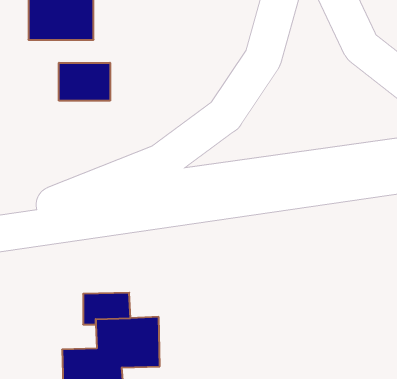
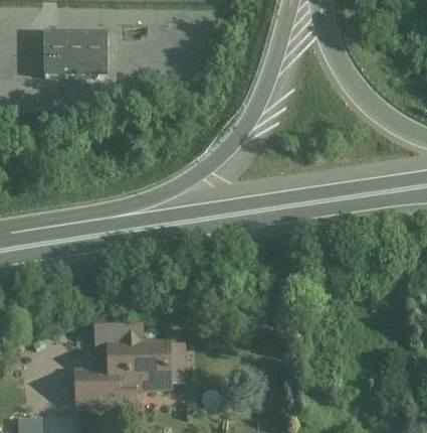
building: [59,63,110,101] -> none

